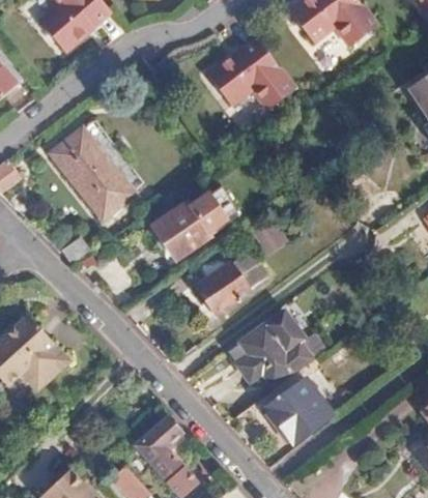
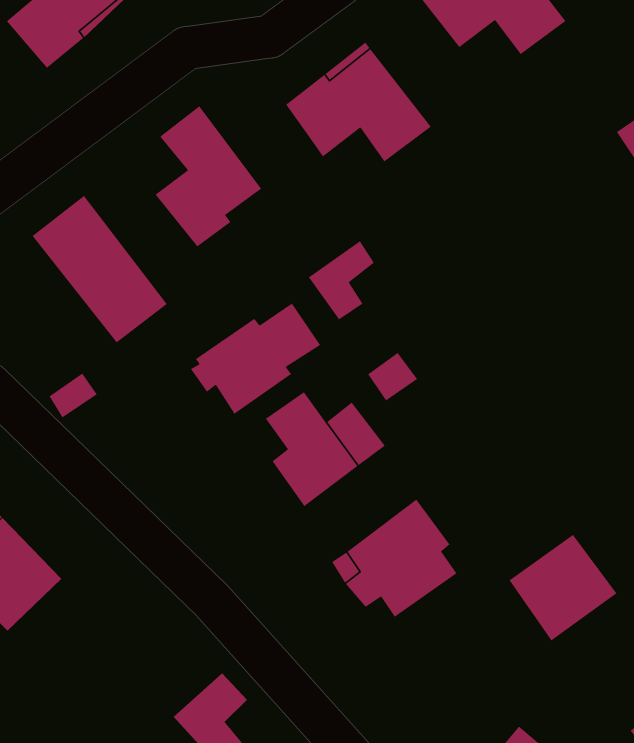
building: none -> [154,105,262,247]
building: none -> [308,240,375,321]
building: [265,379,332,444] -> [508,534,618,641]

